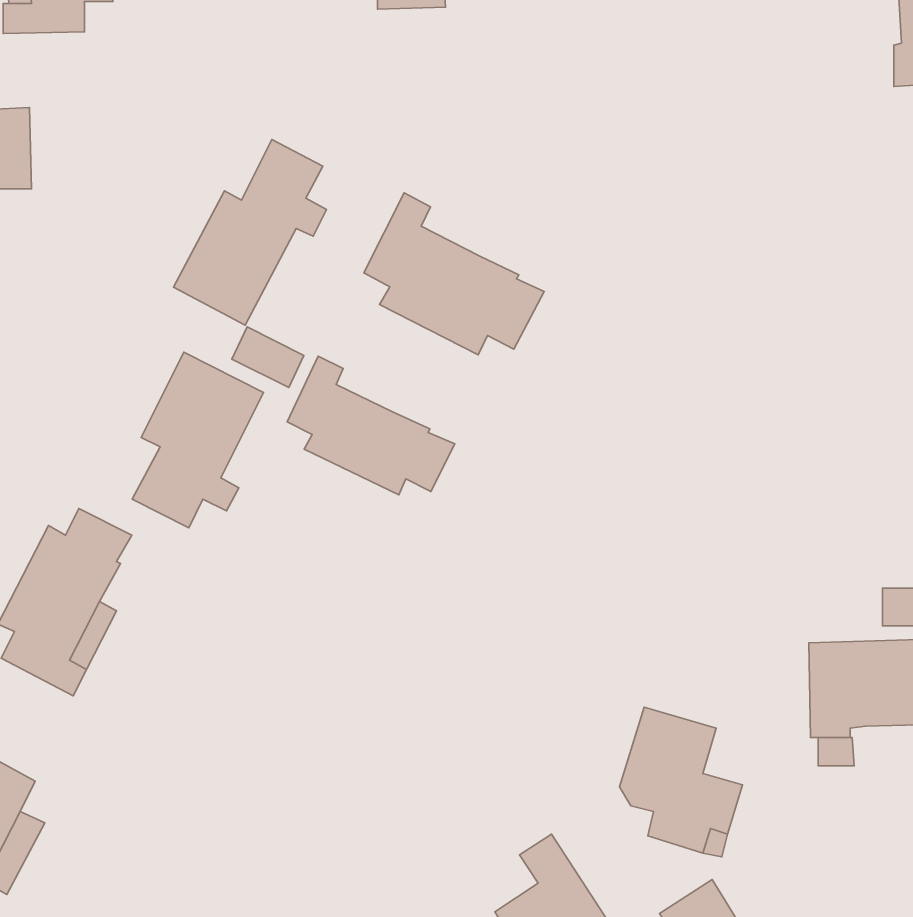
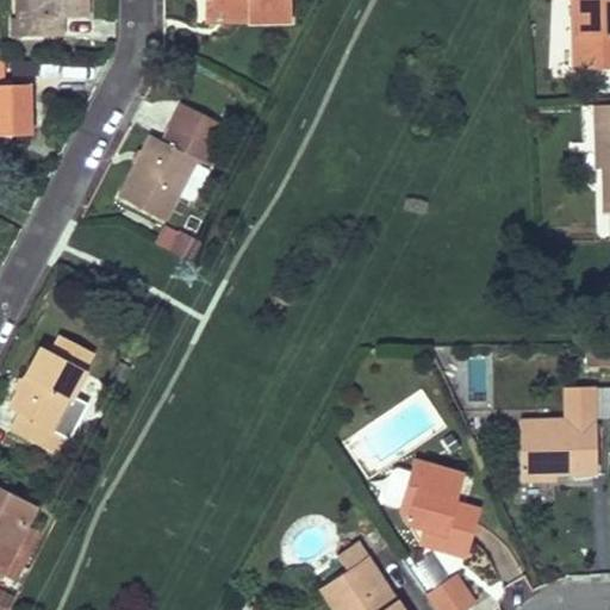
building: [364,193,544,355] -> none
building: [132,352,264,528] -> none
building: [287,356,455,495] -> none

